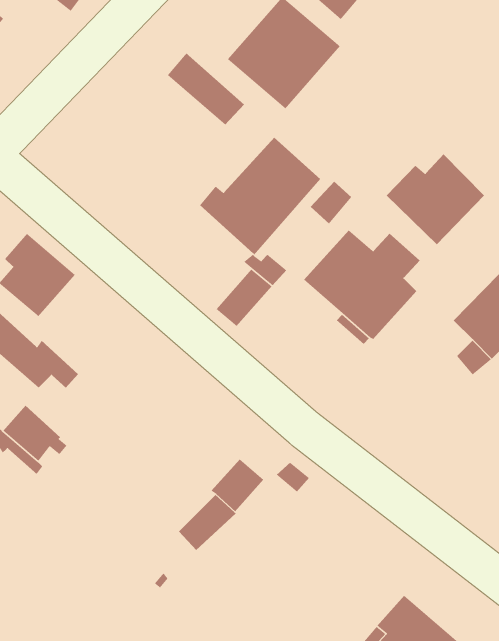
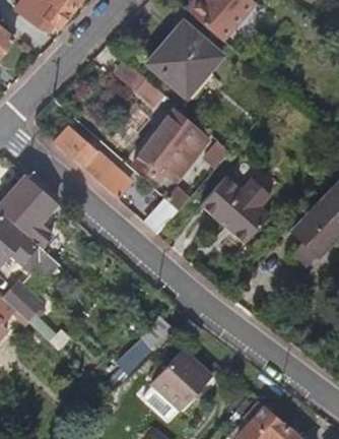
building: [386,154,485,245] -> none
building: none -> [53,128,124,197]
building: none -> [151,347,212,407]

